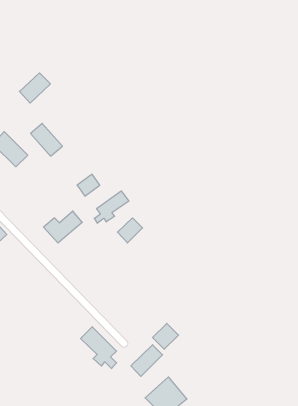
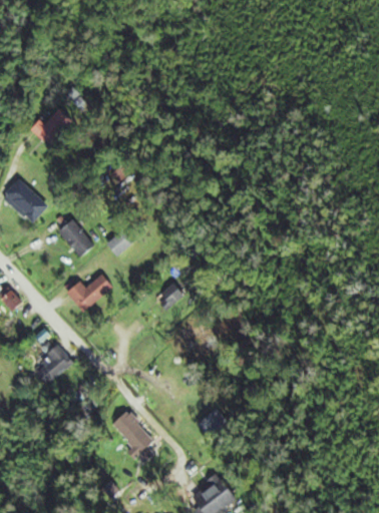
building: [31,123,62,156] -> [57,218,95,258]
building: [94,191,129,223] -> none
building: none -> [36,343,72,385]
building: [131,345,163,376] -> none

